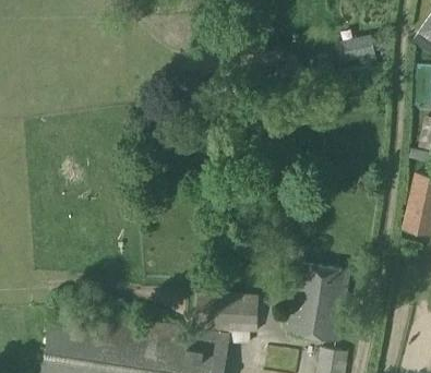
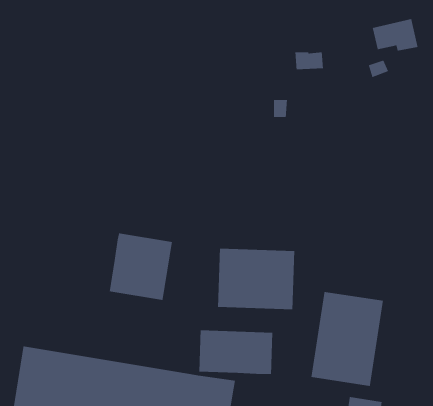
building: none -> [109,232,173,301]
building: none -> [217,248,295,310]

